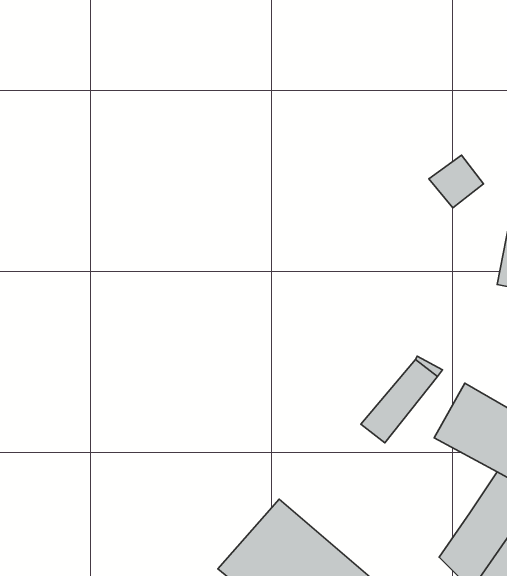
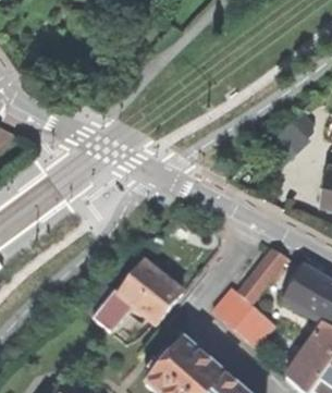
building: none -> [93,259,183,331]
building: none -> [213,287,276,347]

